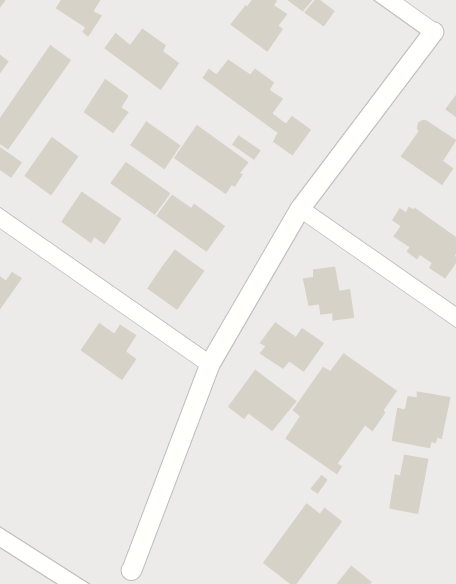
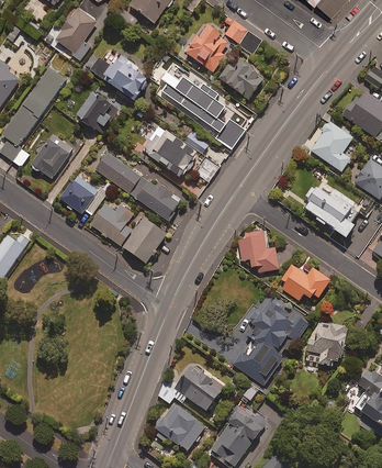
building: none -> [217,57,263,100]
building: [129,120,182,171] -> none
building: [258,321,325,373] -> [280,264,329,302]
building: [80,322,137,381] -> [90,203,133,247]
building: [227,368,298,432] -> [170,364,223,411]
building: [388,454,429,515] -> none
building: none -> [154,403,205,452]

